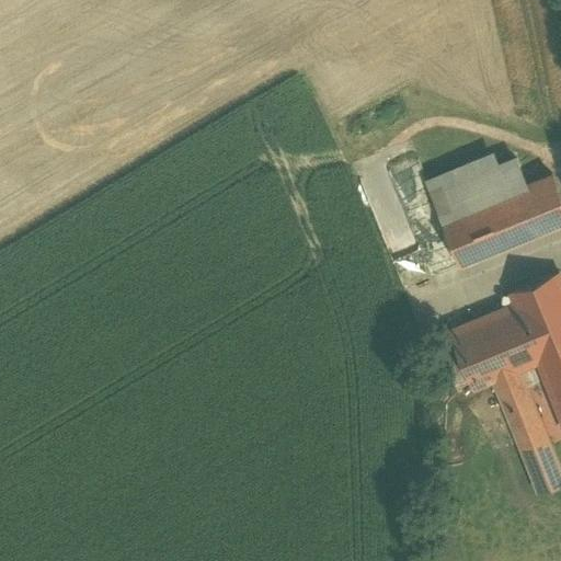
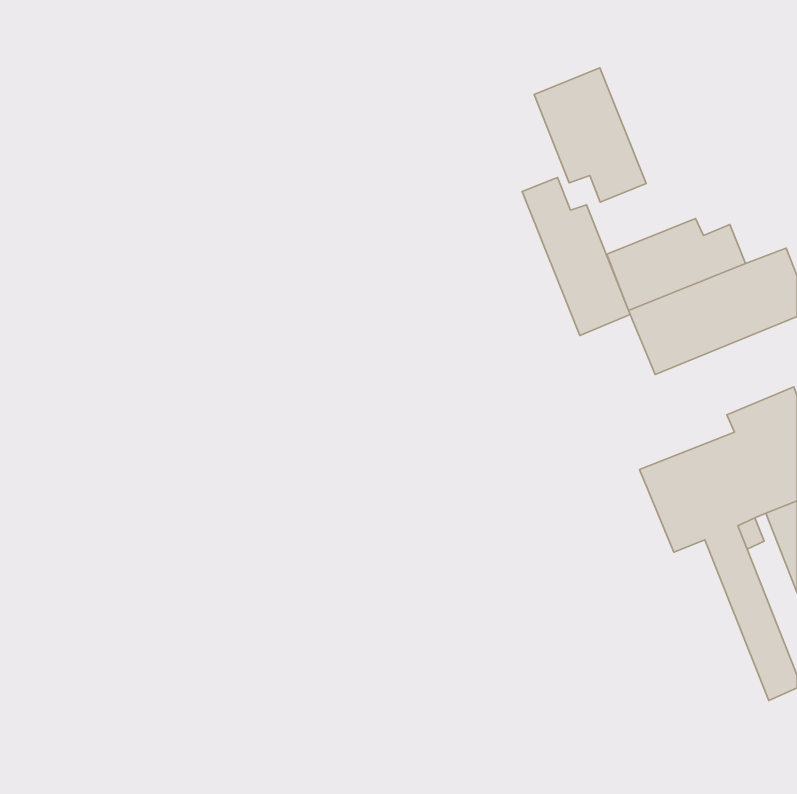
building: none -> [534,68,646,202]
building: none -> [522,177,630,335]

